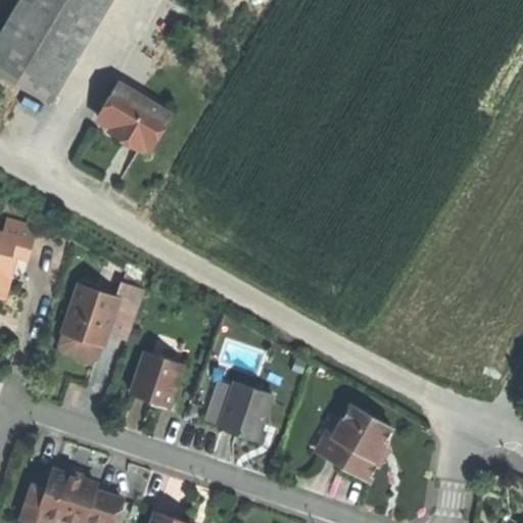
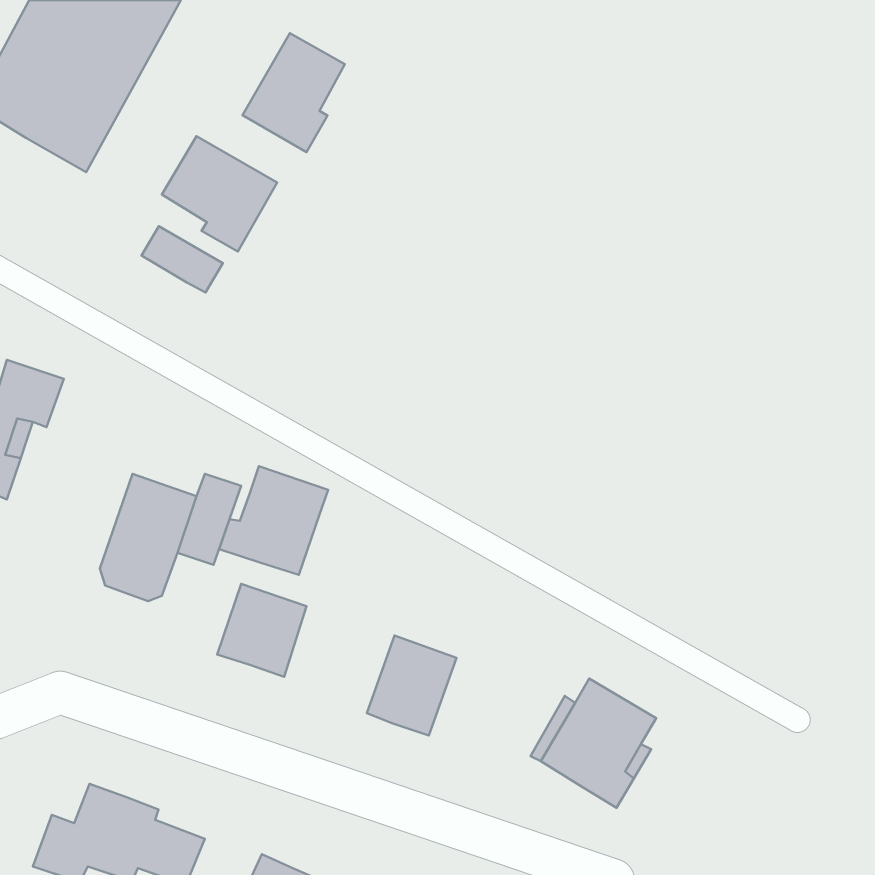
building: none -> [242,33,345,152]
building: none -> [141,226,223,292]
building: none -> [219,466,328,575]

